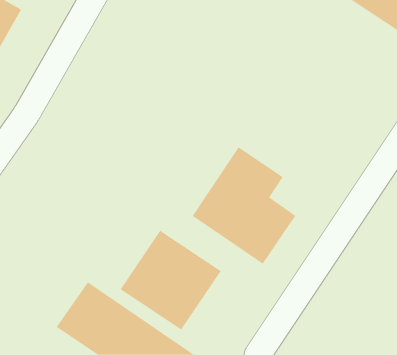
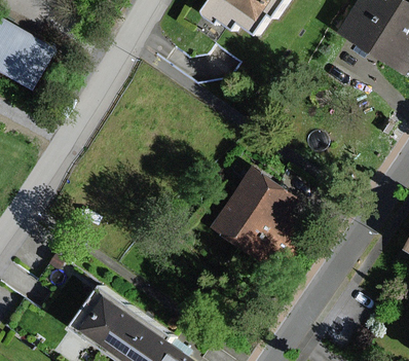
building: [120,230,221,331] -> none

